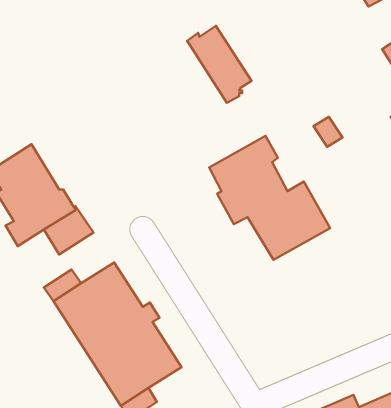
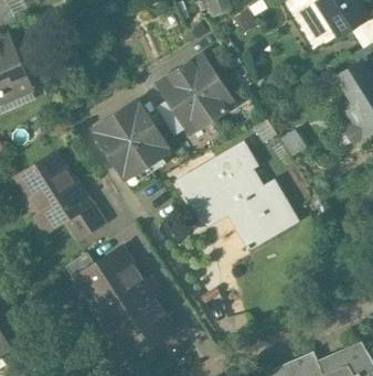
building: none -> [158,69,212,133]
building: none -> [94,104,167,178]
building: none -> [180,171,217,224]

